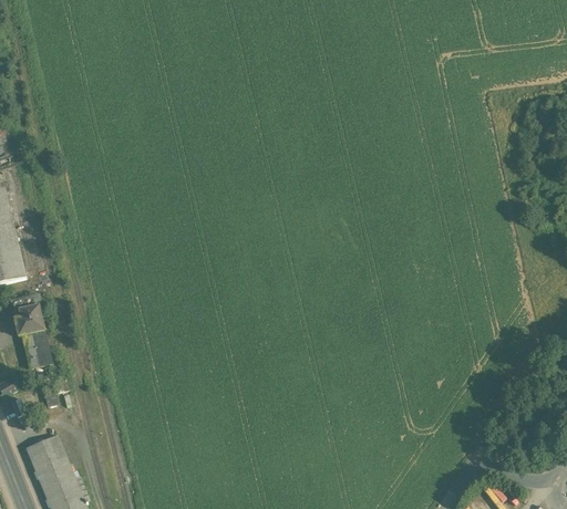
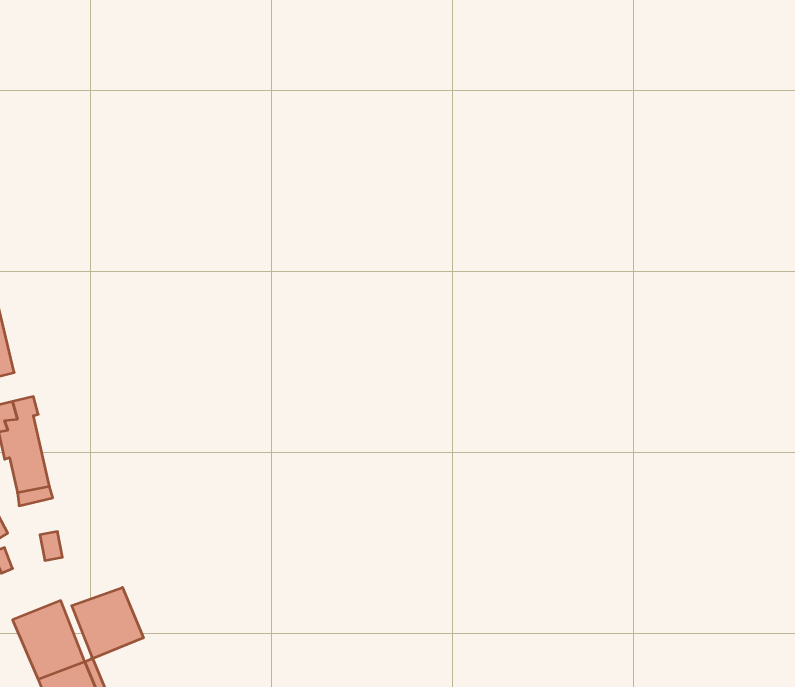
building: none -> [72,587,143,658]

